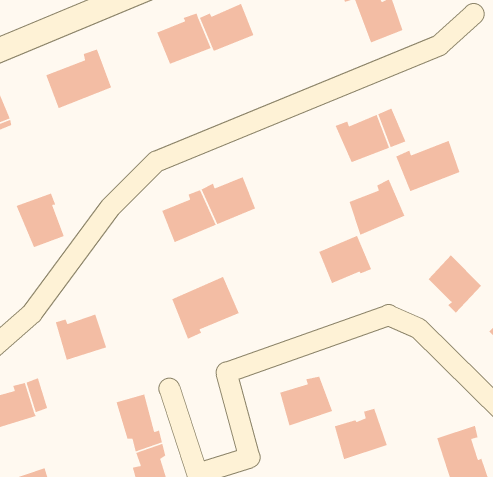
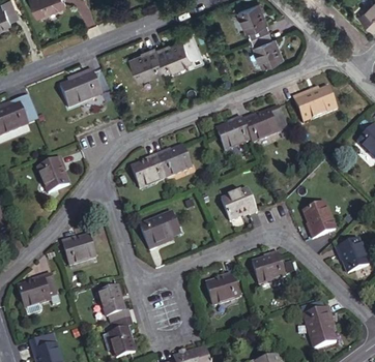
building: [395,140,461,192] -> [290,87,331,120]
building: [348,179,406,236] -> [213,116,250,152]
building: [334,408,388,460] -> [252,250,286,283]

